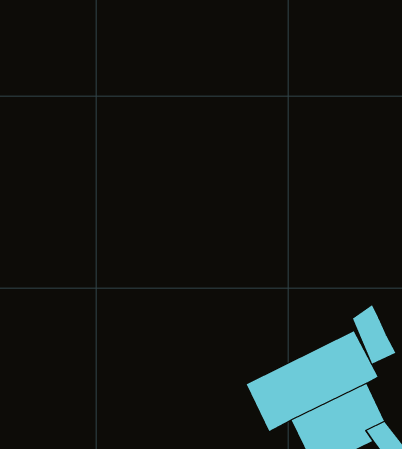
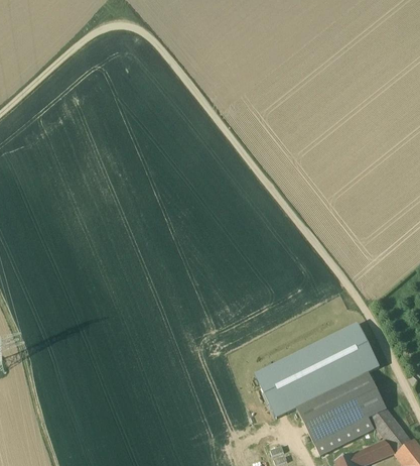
building: [352,304,396,364] -> none

